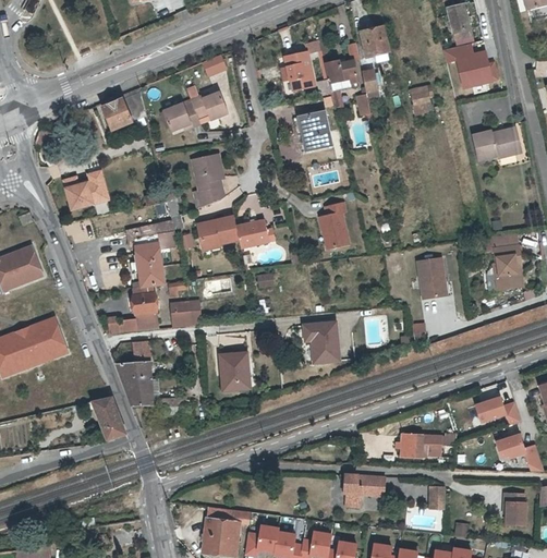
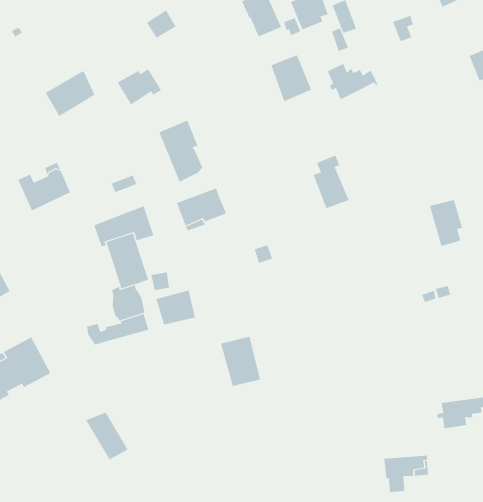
building: [192,89,230,118] -> none
building: none -> [327,63,378,100]
building: [239,218,278,247] -> none
building: [304,323,338,362] -> none
building: [117,340,165,407] -> none

